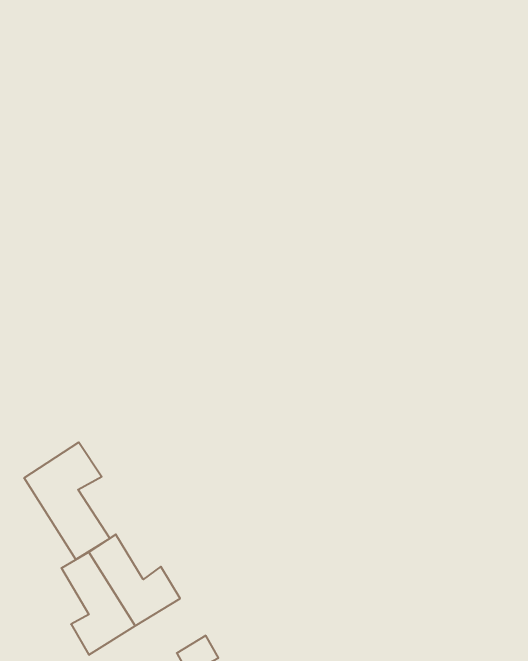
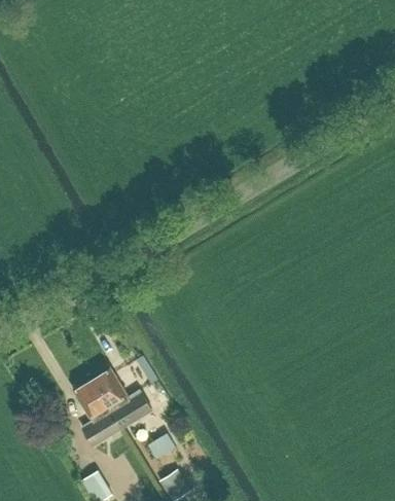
building: [24,442,110,559] -> none

